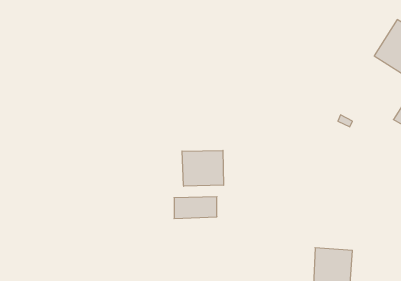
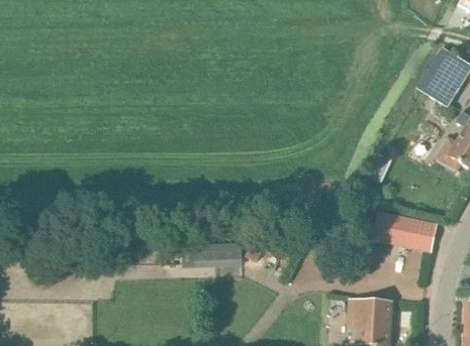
building: [182,150,224,186] -> none
building: none -> [375,213,436,248]

